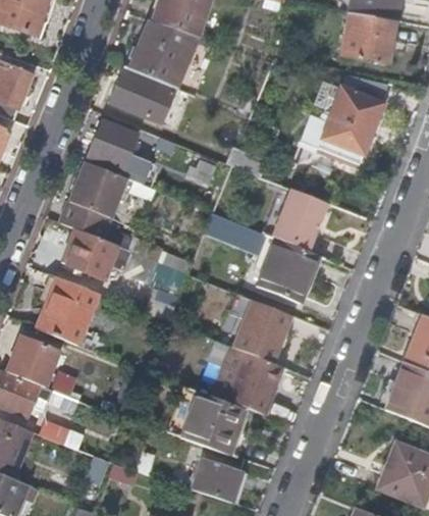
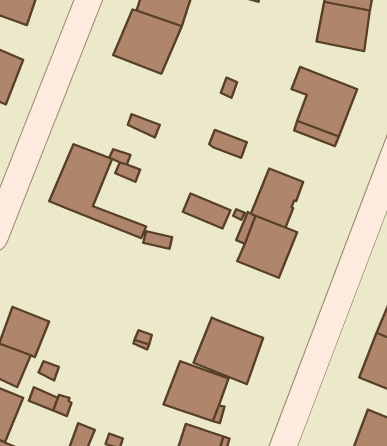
building: [108,67,176,124] -> none
building: [88,120,137,170] -> none
building: [60,228,156,280] -> none
building: [36,276,98,345] -> none
building: [234,300,291,362] -> none

